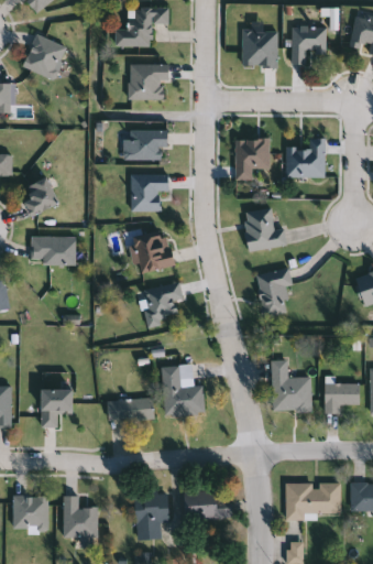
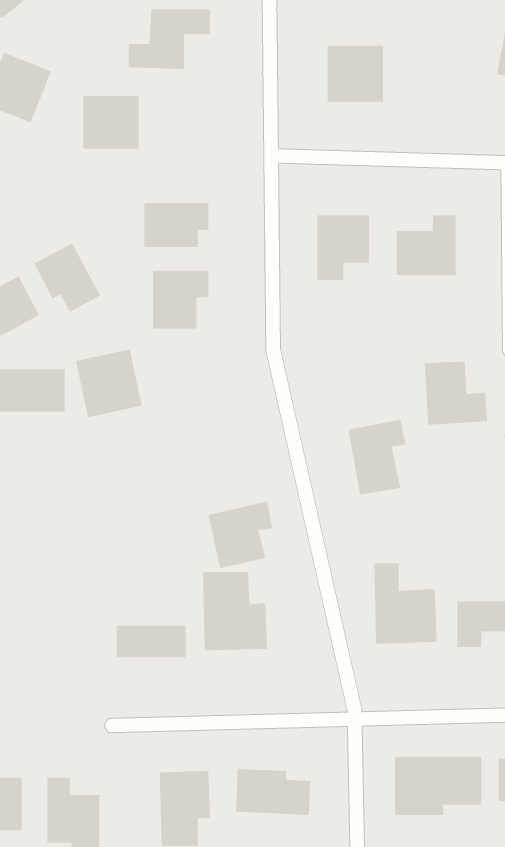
building: [292,26,327,64] -> none
building: [130,64,166,98] -> [82,95,139,149]
building: none -> [33,243,101,312]
building: [245,208,286,249] -> [424,361,488,425]
building: [131,228,174,272] -> [75,349,142,418]
building: [142,281,184,324] -> [207,501,273,568]
building: [40,389,73,426] -> none

